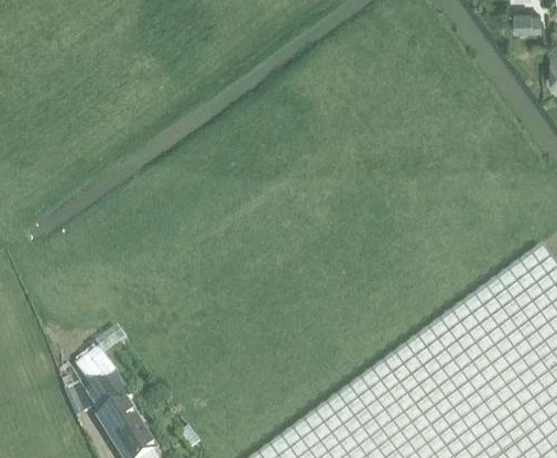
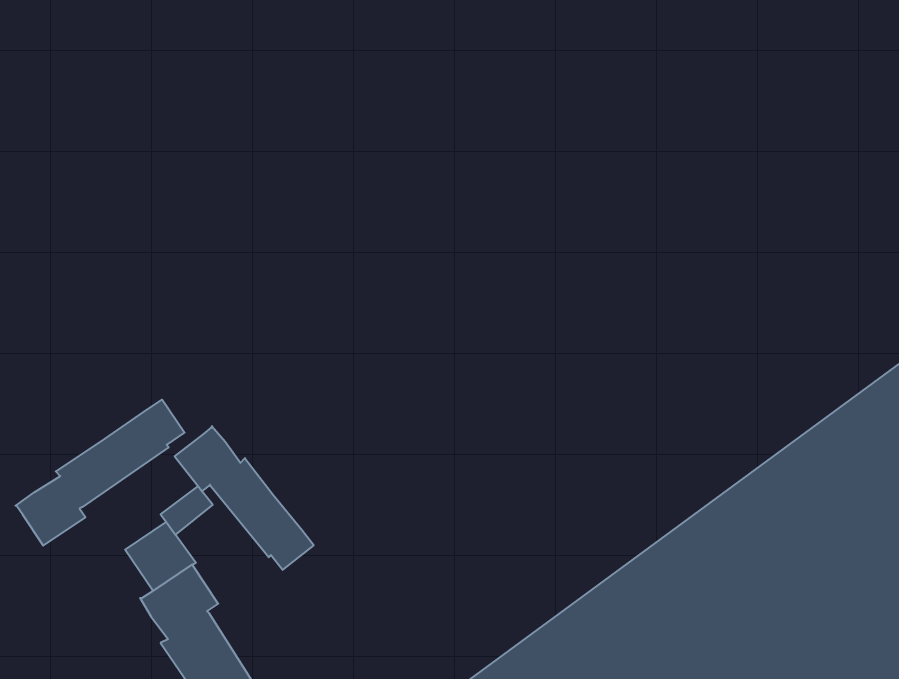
building: none -> [15,400,185,546]
building: none -> [175,426,314,570]

